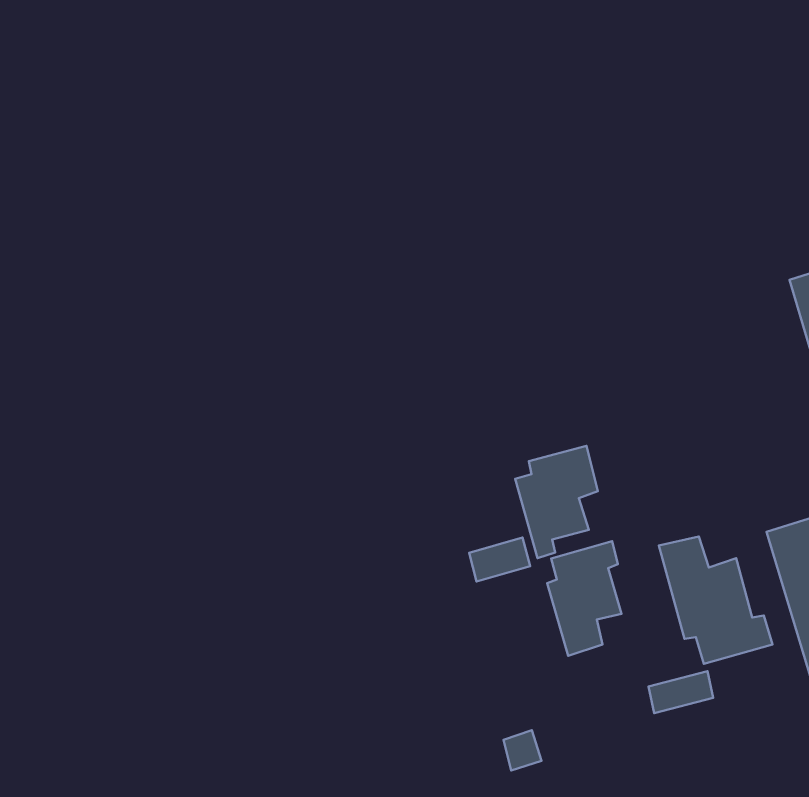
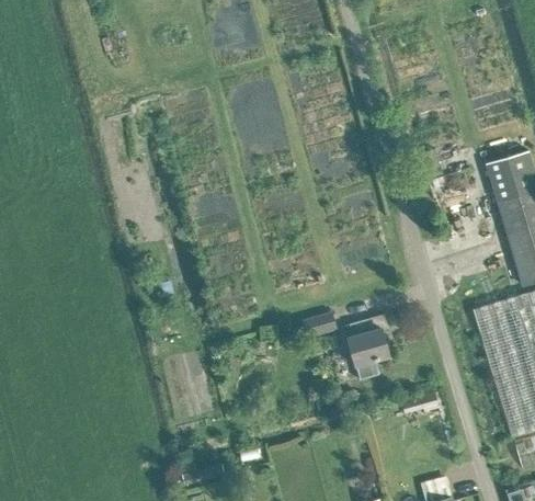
building: [515,446,598,558] -> none
building: [659,536,773,664] -> none

